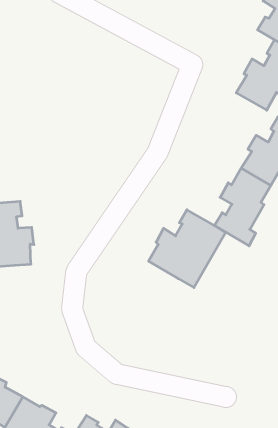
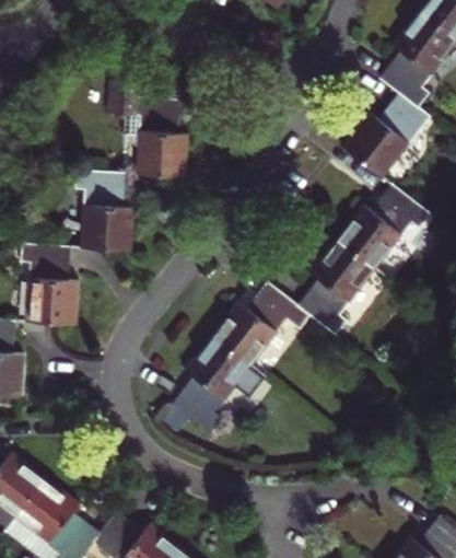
building: none -> [131,96,189,176]
building: none -> [75,171,135,249]
building: none -> [174,338,247,432]

